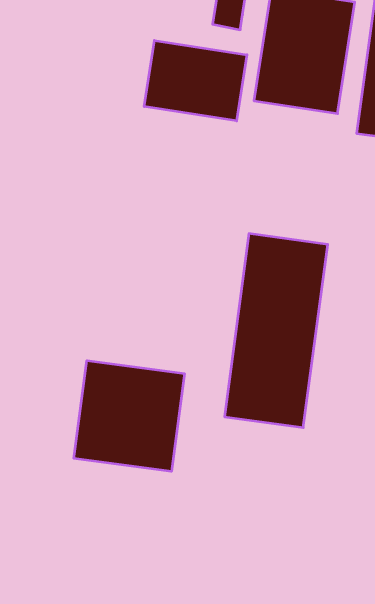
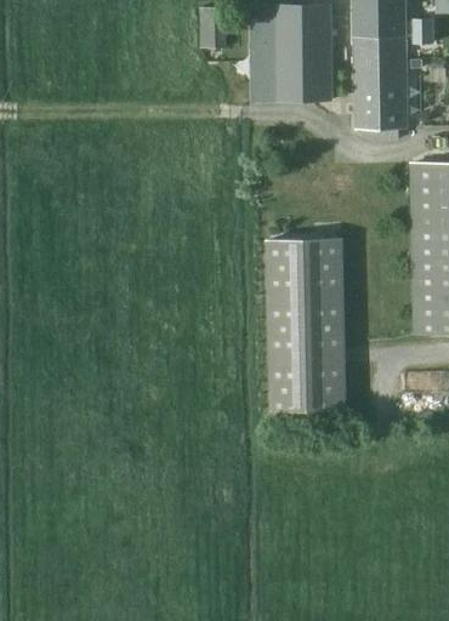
building: [144,40,247,121] -> none
building: [74,361,184,471] -> none

